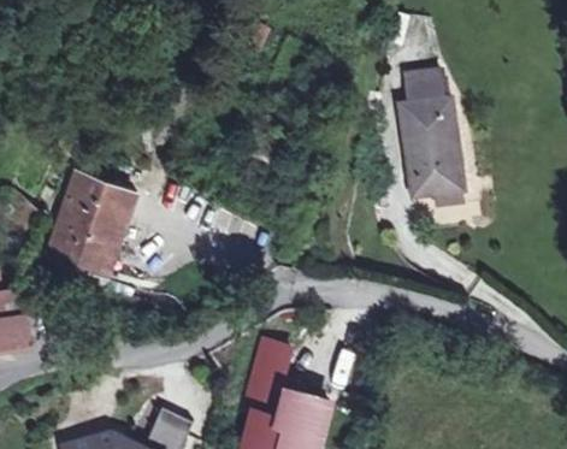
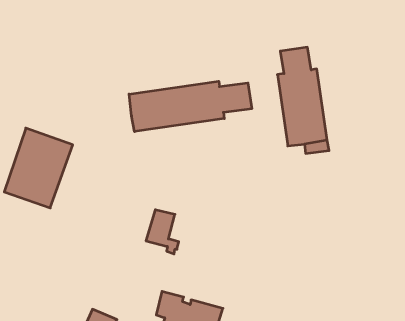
building: none -> [129,81,252,132]
building: [250,343,293,400] -> [146,210,179,254]

